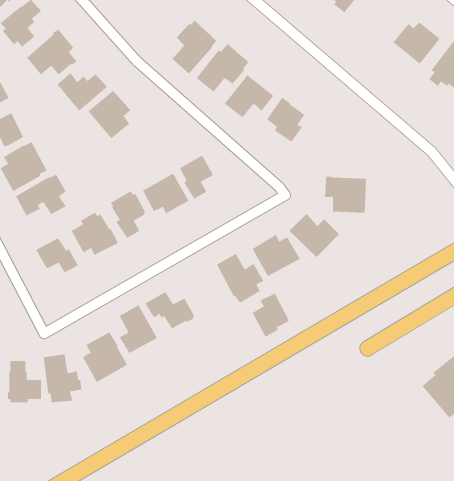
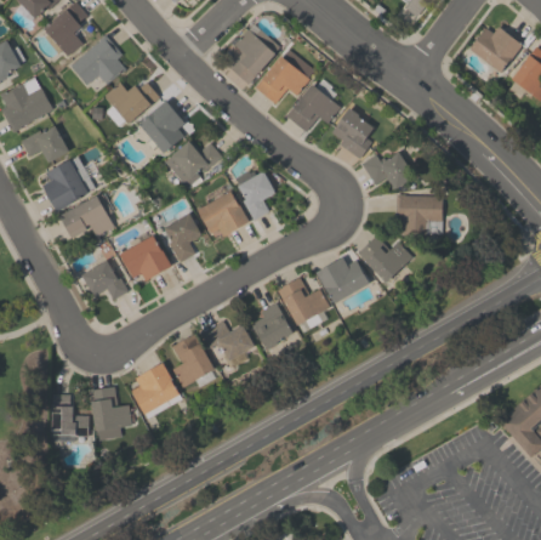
building: none -> [166,141,223,188]
building: none -> [361,152,415,189]
building: [252,293,290,337] -> [251,302,292,351]

